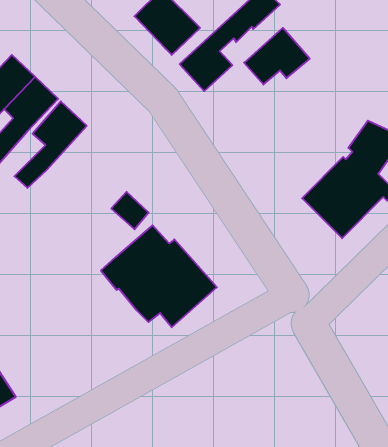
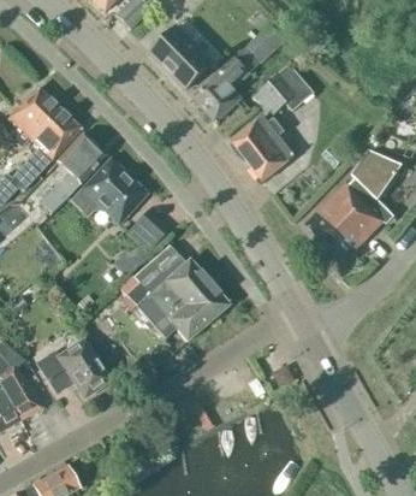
building: none -> [233,113,296,179]
building: none -> [71,157,148,223]
building: none -> [36,338,111,395]

